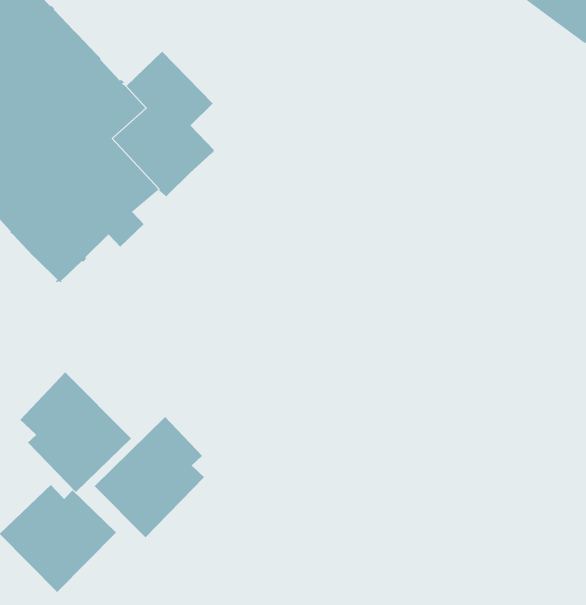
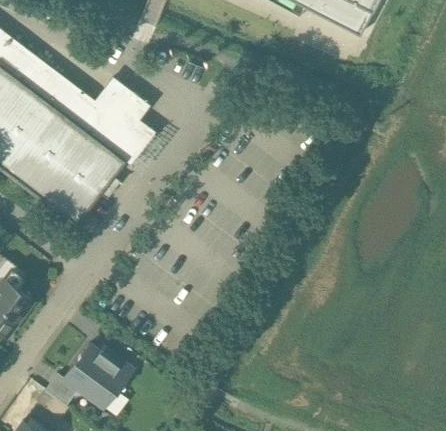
building: [20,372,132,493] -> none
building: [94,416,205,538] -> none

